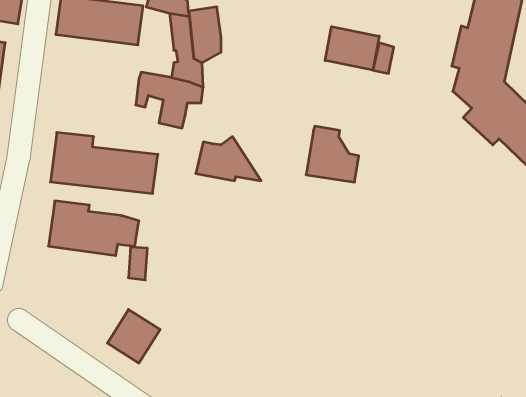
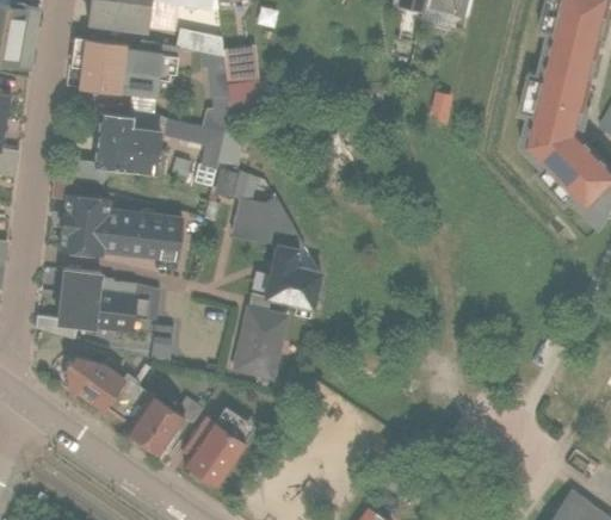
building: [325,27,379,70] -> none
building: none -> [92,112,163,175]
building: none -> [210,173,252,205]
building: [306,126,359,182] -> [264,242,323,305]
building: none -> [235,305,288,380]
building: none -> [61,348,129,413]
building: none -> [189,420,252,487]

